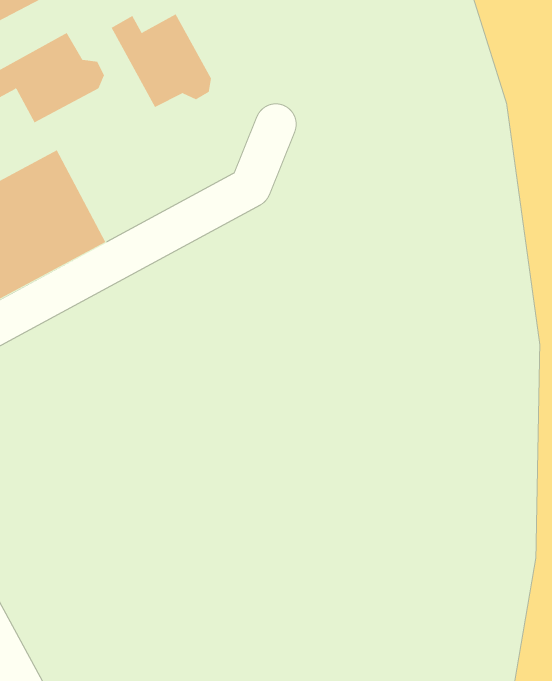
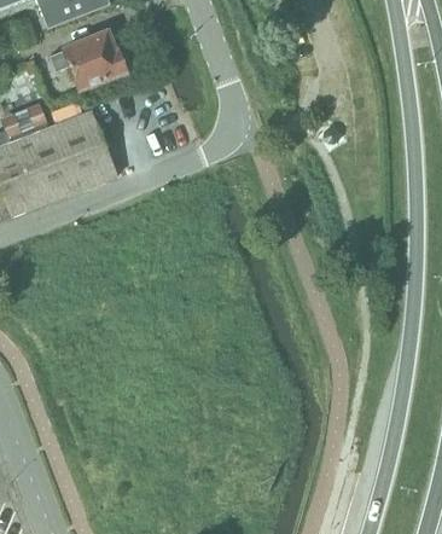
building: [111,14,212,108] -> none

